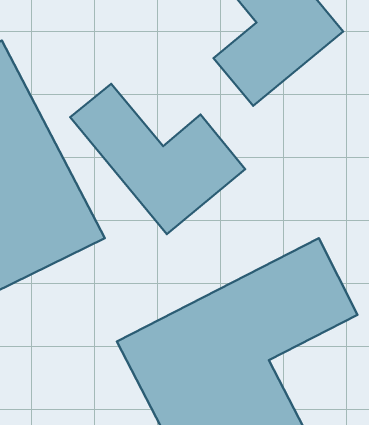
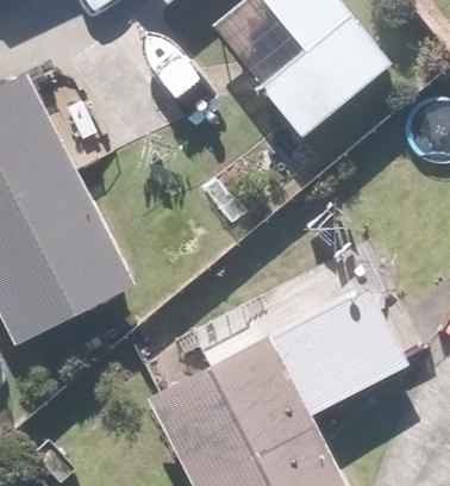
building: [70,84,245,234] -> none

